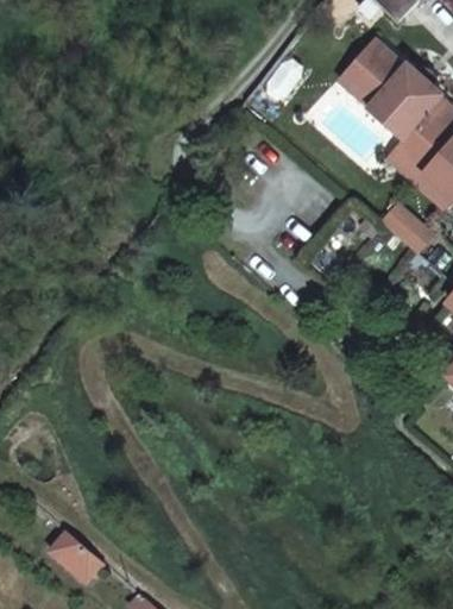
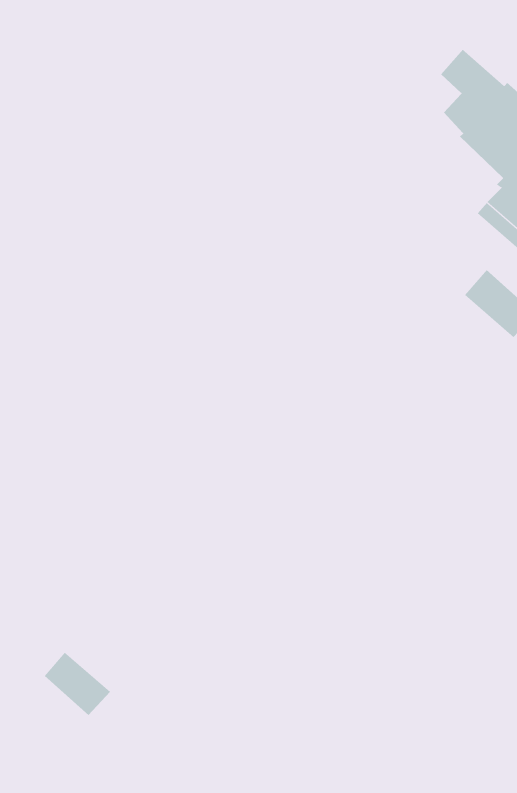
building: [339,57,405,139] -> none
building: [57,527,107,575] -> [44,652,111,716]

